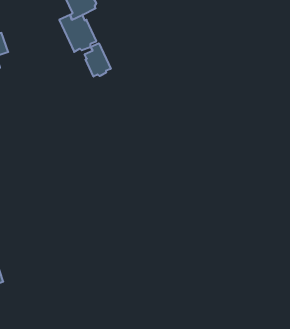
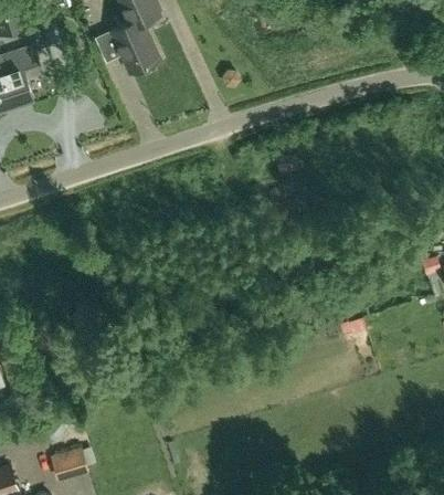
building: [85,43,111,77] -> none

